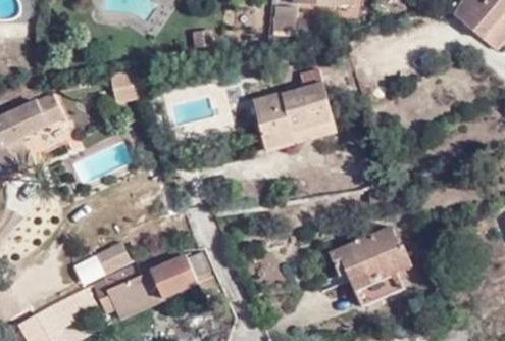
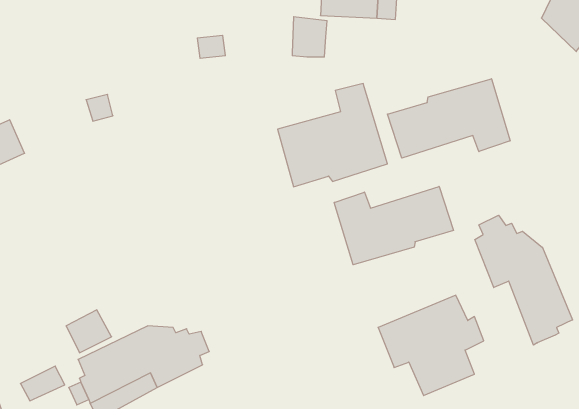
building: none -> [387,79,510,158]
building: none -> [334,186,454,265]
building: none -> [475,215,573,345]

